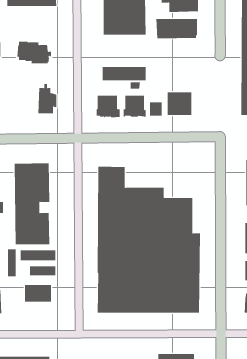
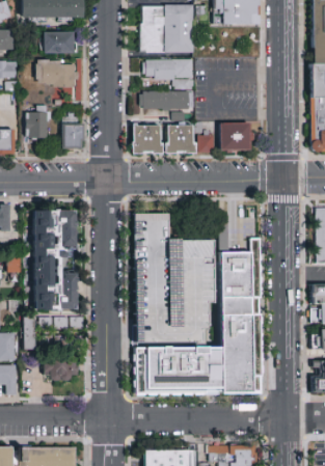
building: none -> [44,31,78,52]
building: [156,19,198,39] -> [142,58,194,83]
building: none -> [25,105,48,137]

